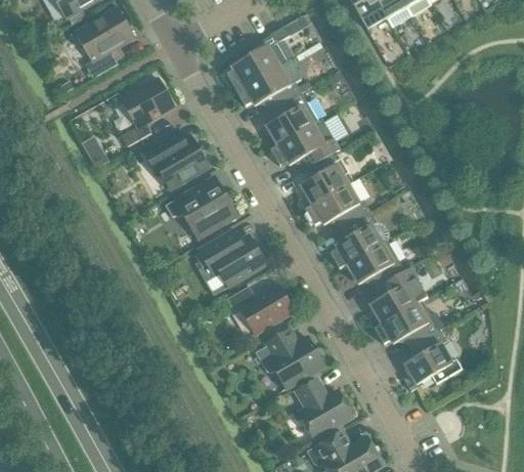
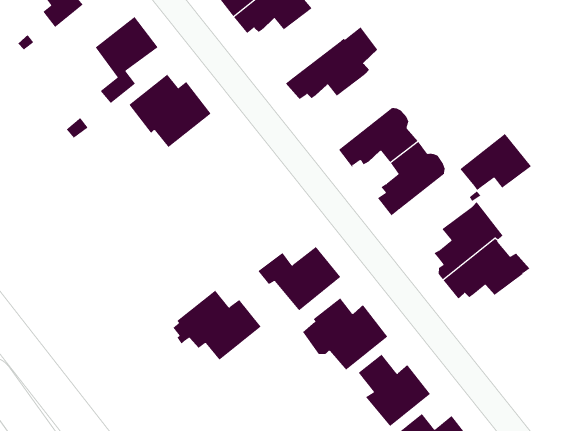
building: [266,92,319,145] -> none
building: [301,152,353,209] -> none
building: [165,175,236,238] -> none
building: [193,228,265,286] -> [172,290,262,361]
building: [347,241,405,285] -> [459,133,532,191]
building: [404,330,462,390] -> none

